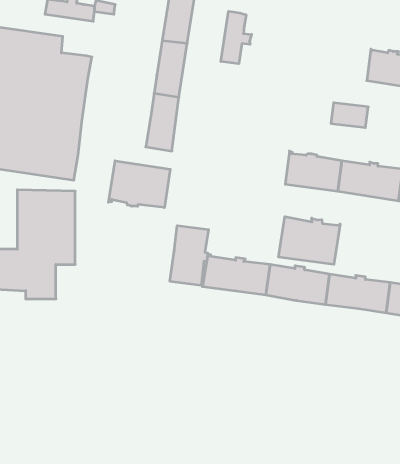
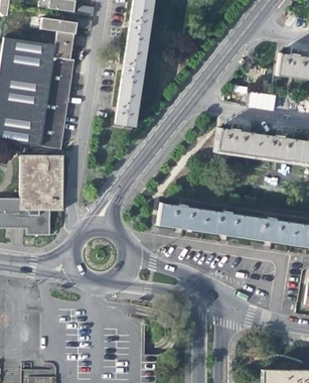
building: [221,11,252,64] -> none
building: none -> [53,30,74,57]
building: [108,161,170,208] -> none
building: [279,217,340,264] -> none
building: [170,226,209,285] -> none

